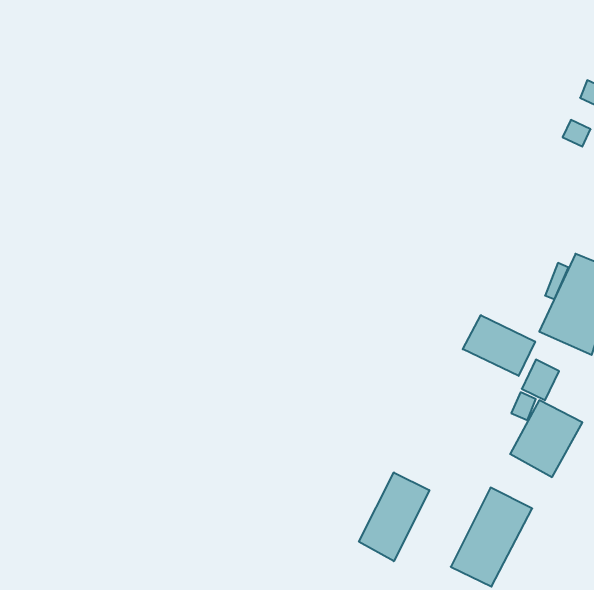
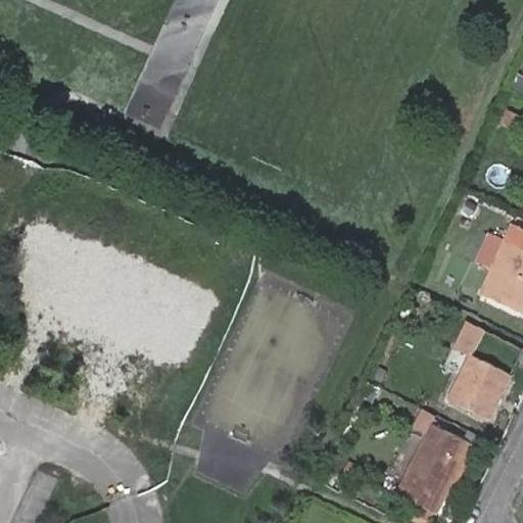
building: [463,315,535,376] -> none
building: [359,472,429,561] -> none

